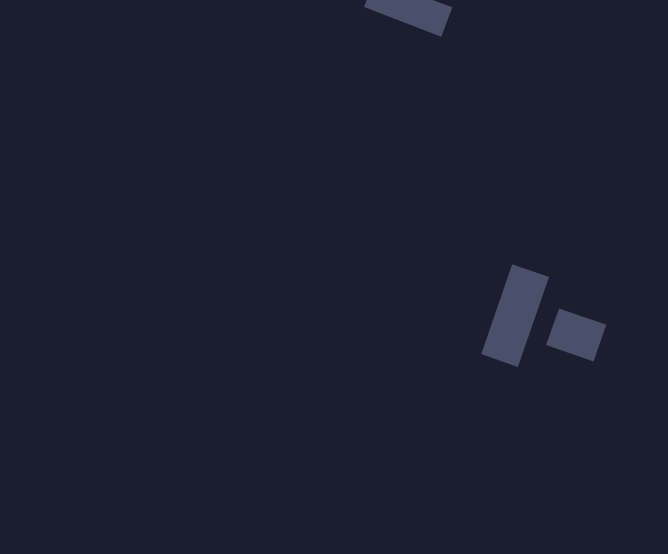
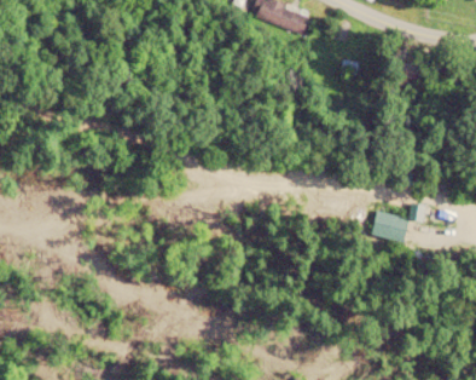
building: [480,263,550,368] -> none

